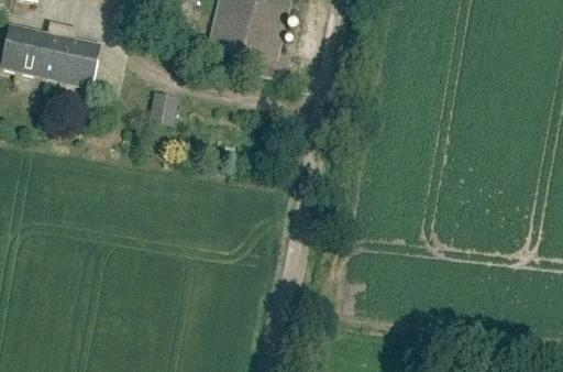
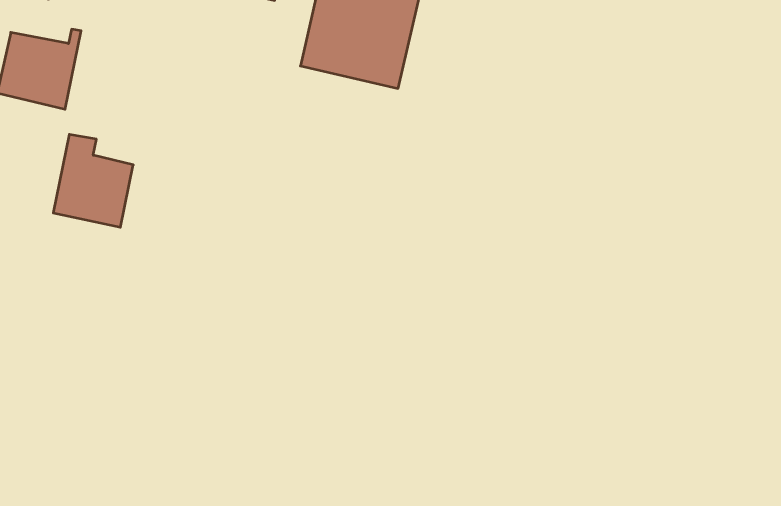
building: [45,23,100,87] -> [53,134,133,227]
building: [146,91,176,127] -> none

